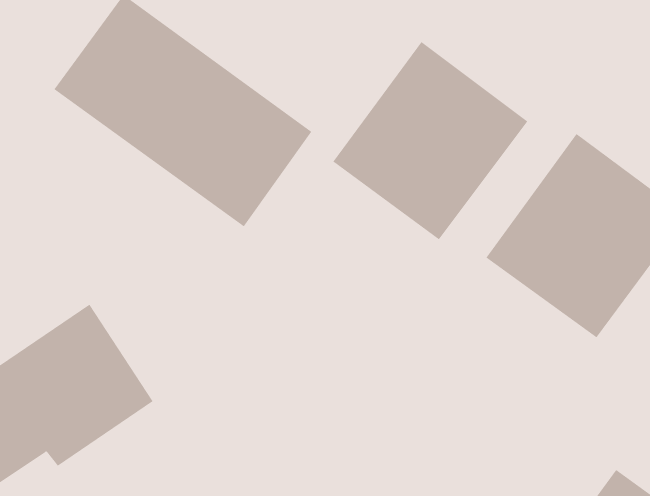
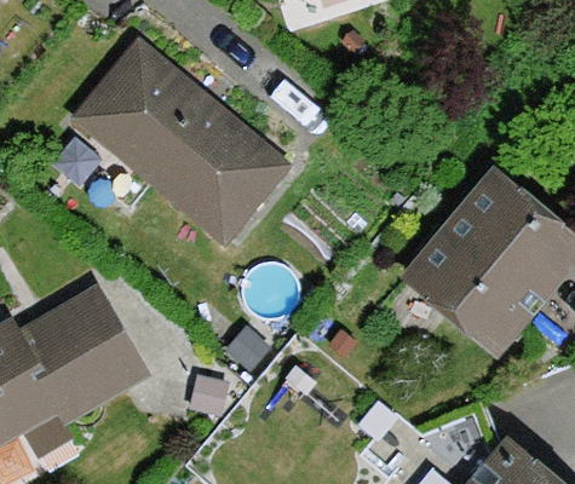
building: [333,41,528,240] -> none

